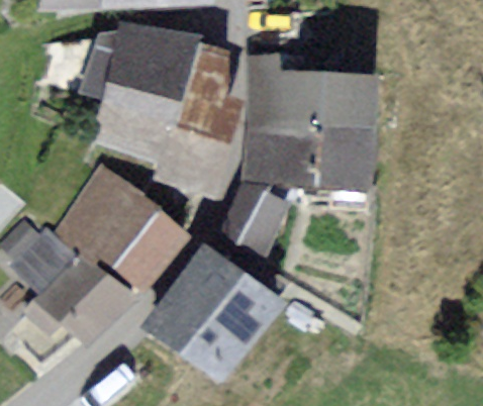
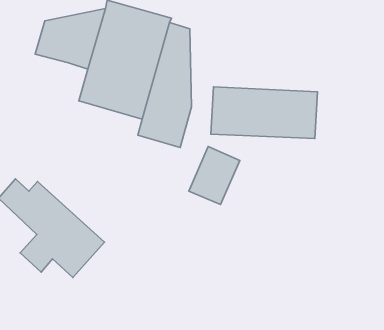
building: [251,55,372,124] -> none
building: [57,170,183,284] -> none
building: [154,249,276,373] -> none

